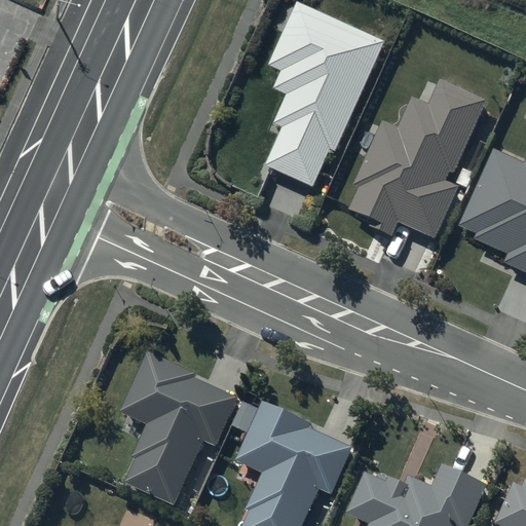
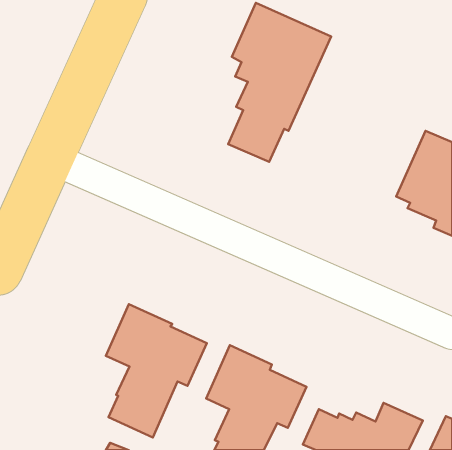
building: [347,80,485,238] -> none

